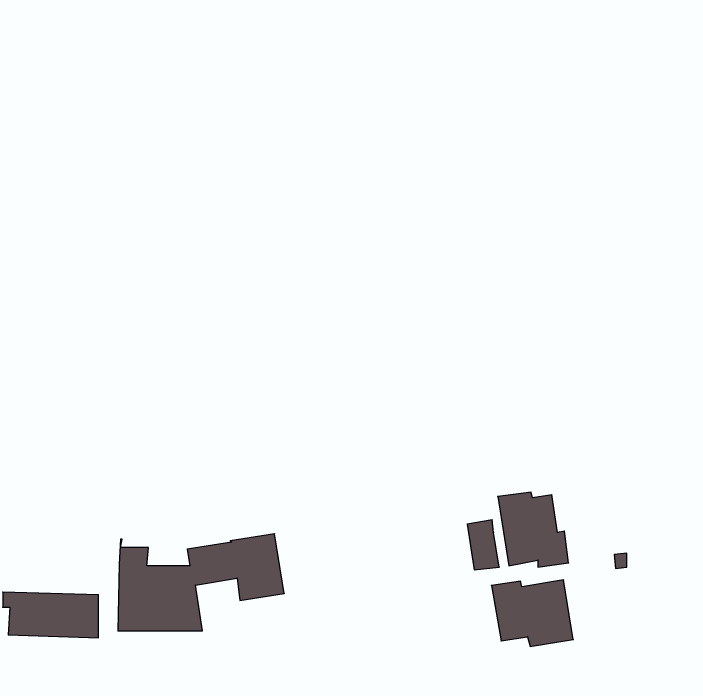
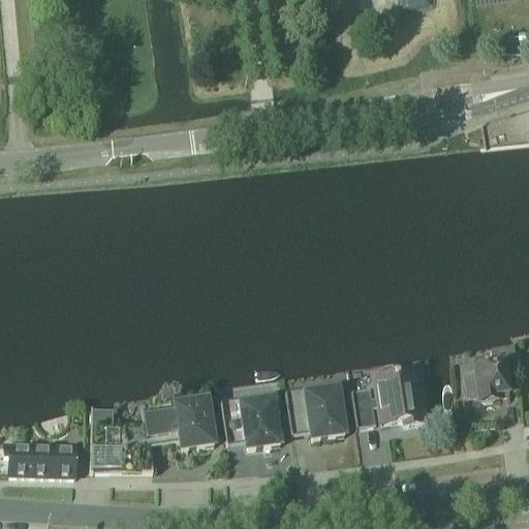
building: none -> [466,343,517,399]
building: none -> [223,397,282,447]
building: [491,580,573,646] -> [285,387,346,437]

